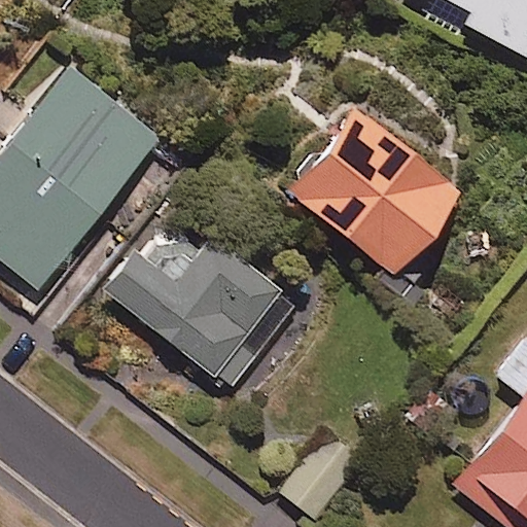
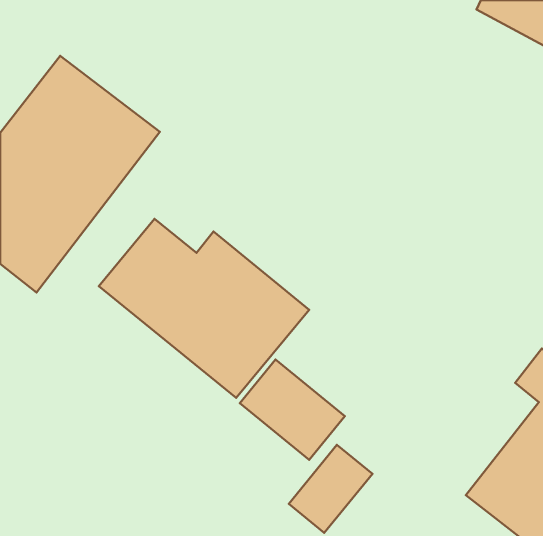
building: [284,102,460,315] -> none
building: none -> [240,360,345,460]

